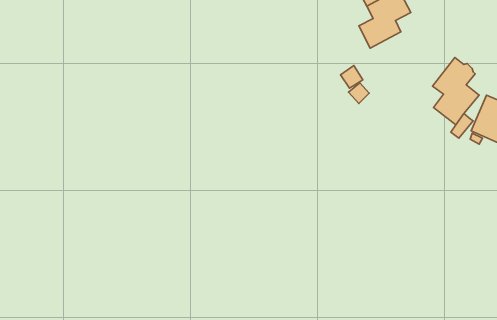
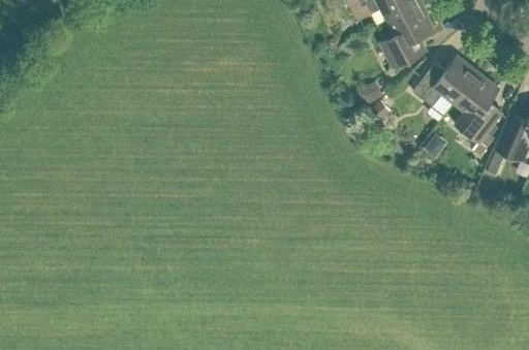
building: none -> [414,59,478,117]

